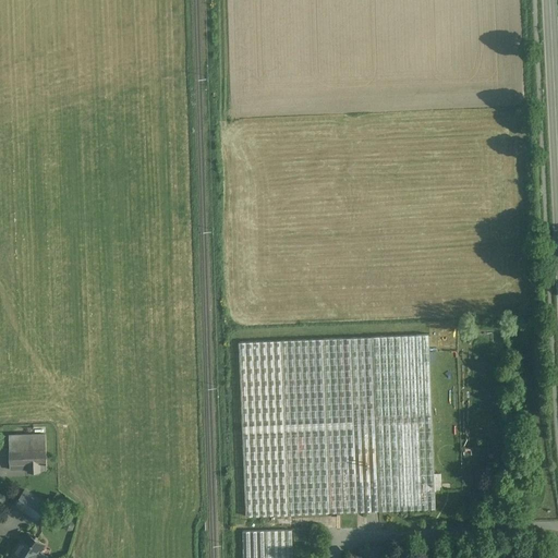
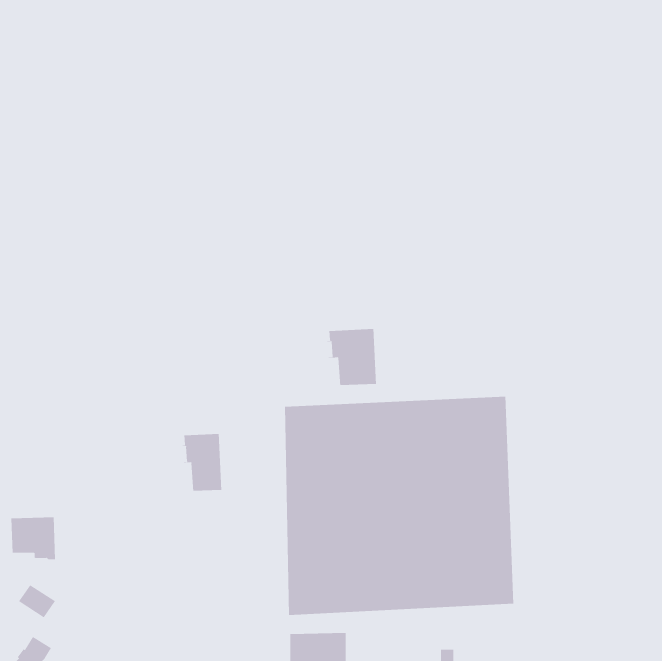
building: none -> [327,328,377,386]
building: none -> [182,433,222,491]

